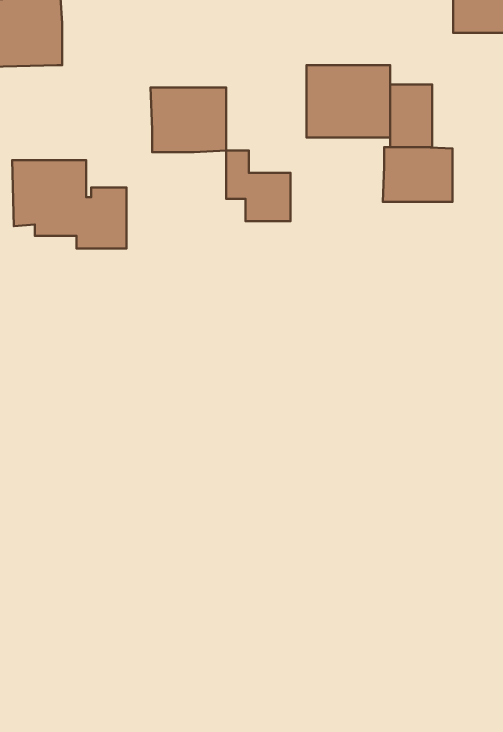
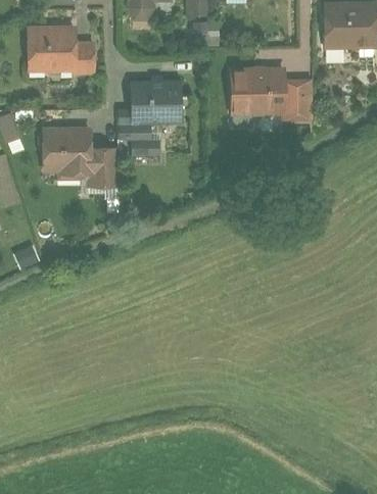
building: none -> [72,41,94,72]
building: [383,147,452,202] -> none
building: [226,150,291,221] -> [117,109,158,154]

